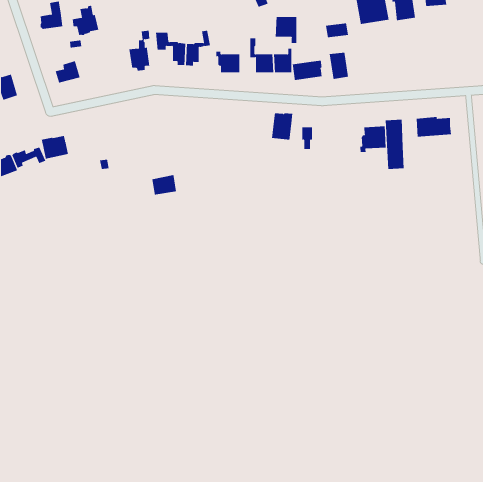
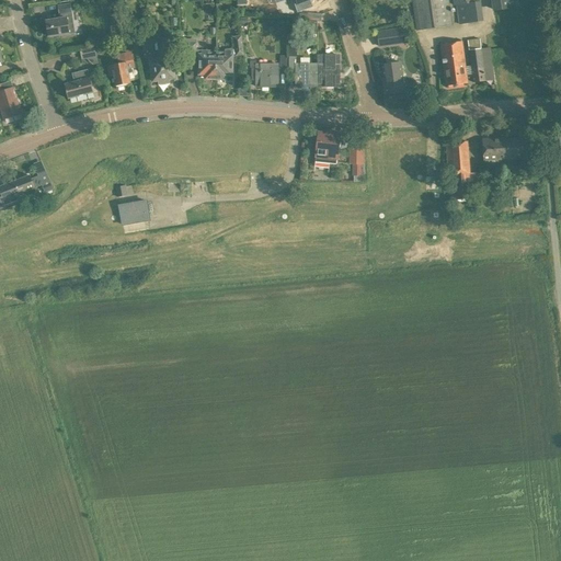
building: [72,5,99,35] -> [107,48,139,83]
building: [275,16,297,44] -> none
building: none -> [440,37,494,84]
building: [292,60,322,81] -> none
building: [360,126,386,153] -> none
building: [41,135,69,159] -> none
building: [151,174,177,195] -> [119,198,149,222]

